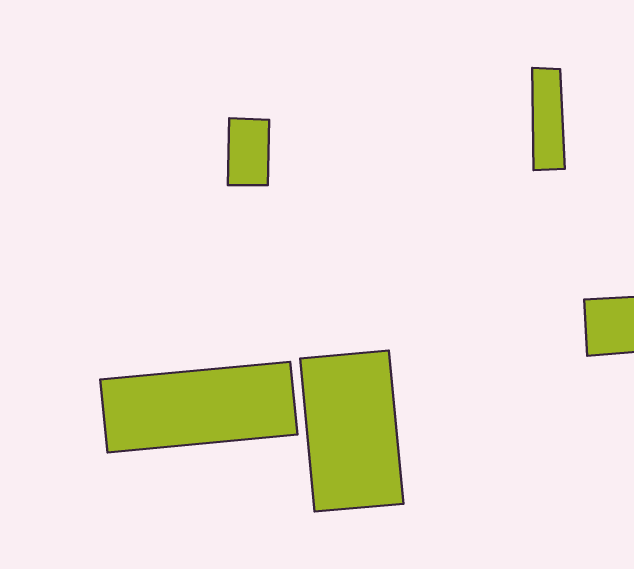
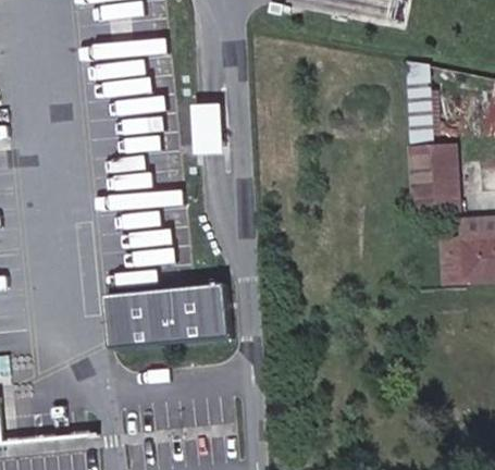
building: none -> [408,152,458,217]
building: [300,351,403,512] -> none

